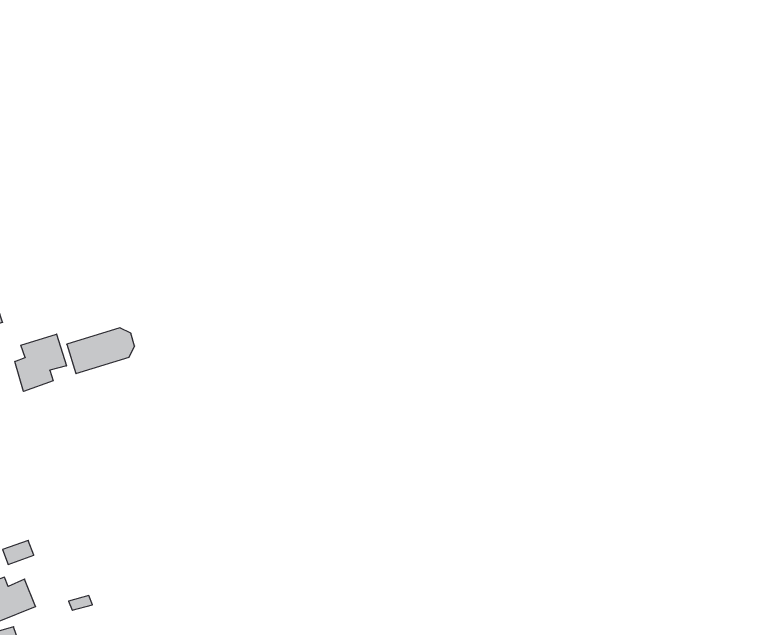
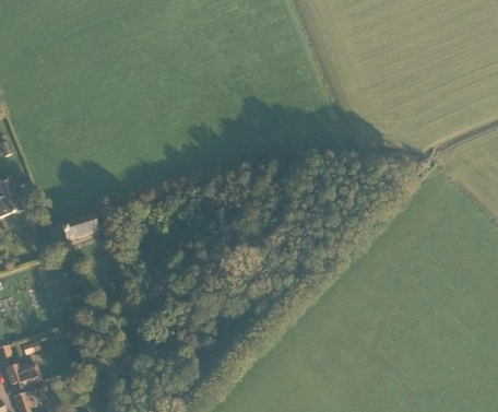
building: [15,334,66,391] -> none

